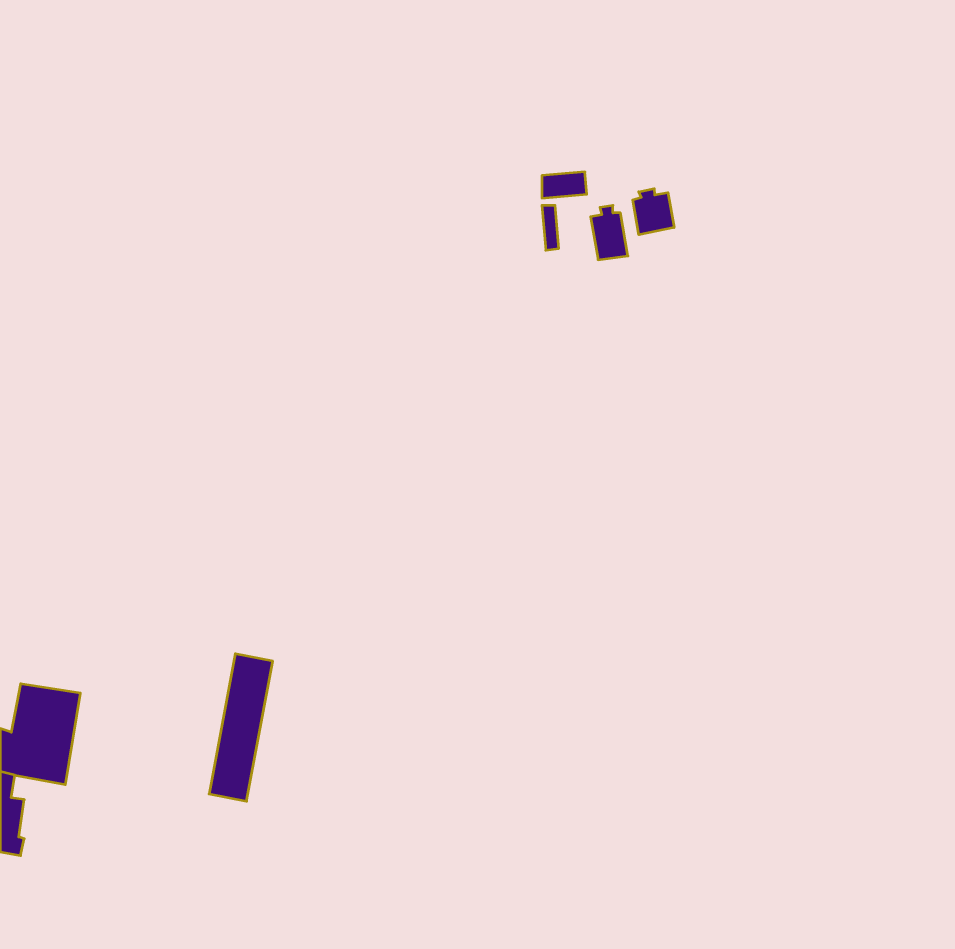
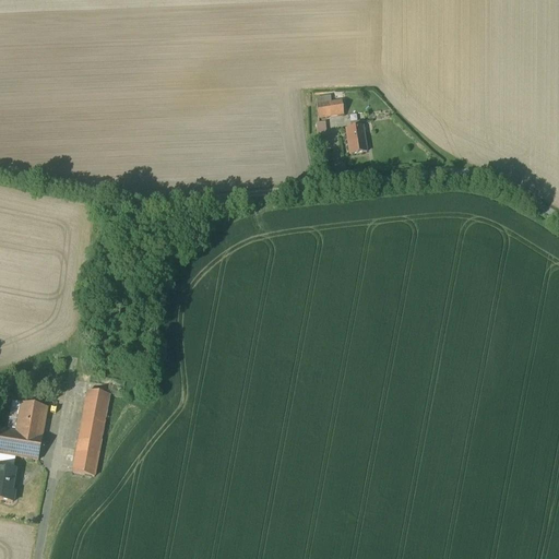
building: [633,189,674,235] -> none
building: [209,654,273,801] -> [72,388,109,474]

